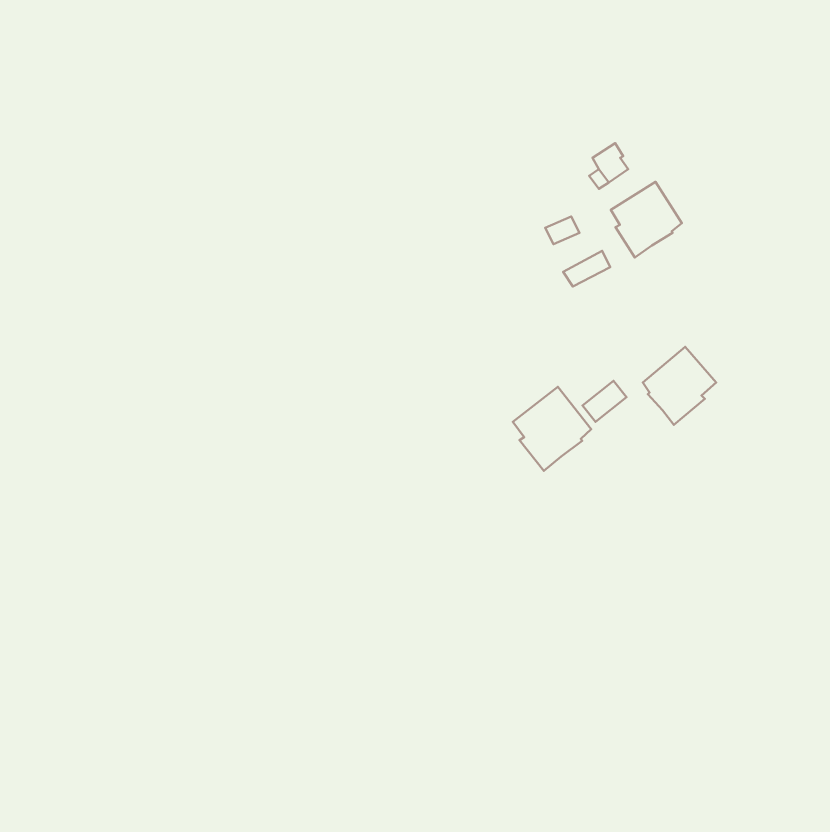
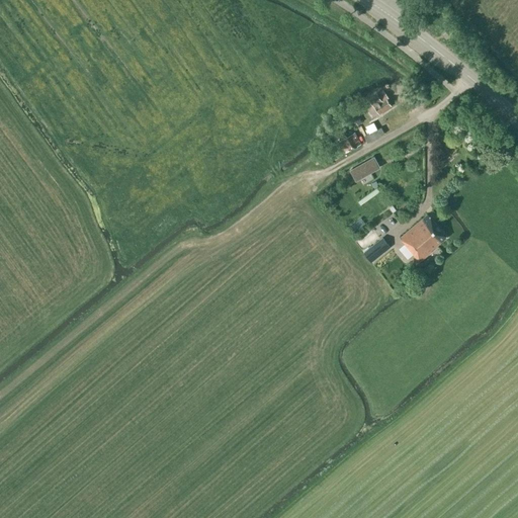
building: [611,182,682,257] -> none
building: [513,387,591,471] -> none

